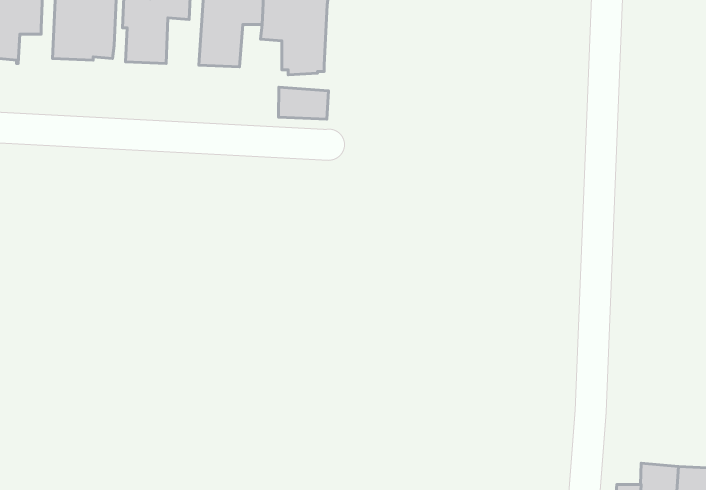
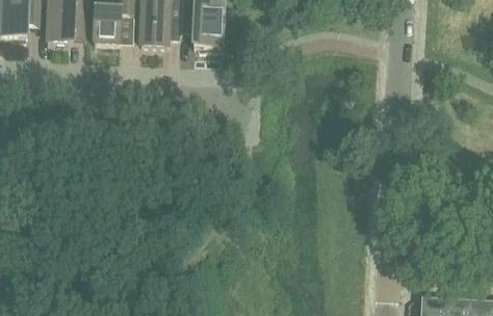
building: [279,87,329,119] -> none

